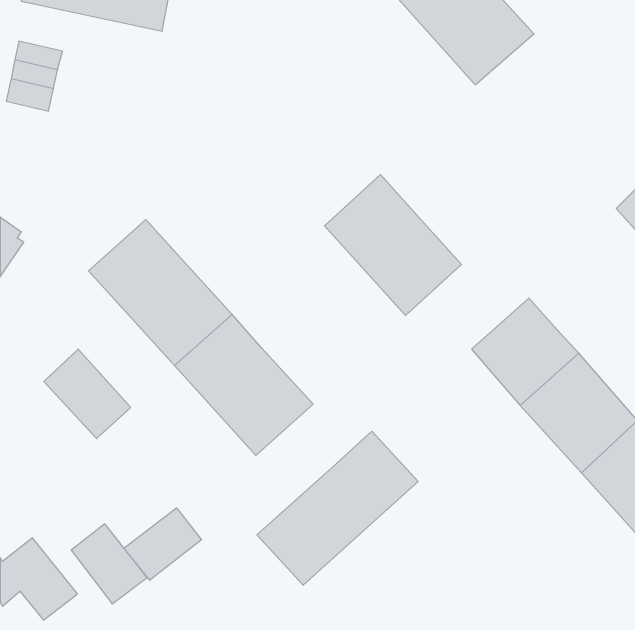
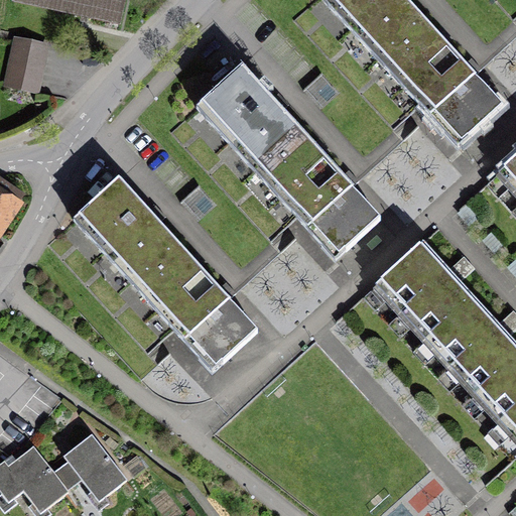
building: none -> [386,27,501,144]
building: none -> [195,66,309,182]
building: [44,349,131,439] -> none
building: [257,431,418,585] -> none
building: [124,508,201,580] -> none

